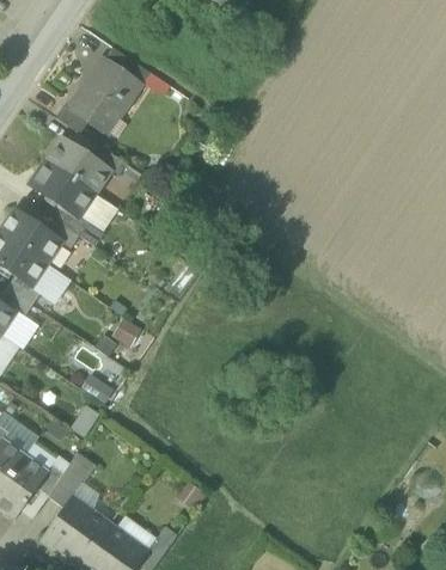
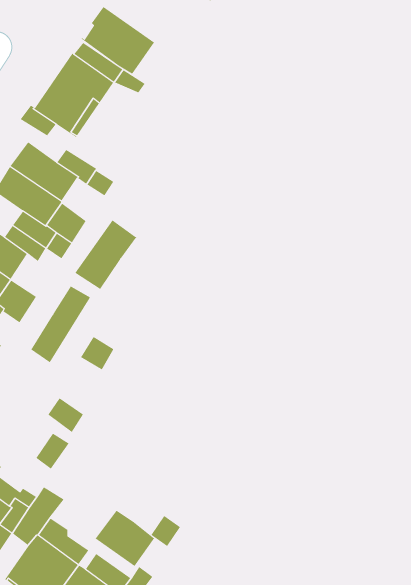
building: none -> [80,6,155,74]
building: none -> [74,220,137,290]
building: none -> [31,285,90,363]
building: none -> [95,510,155,567]

